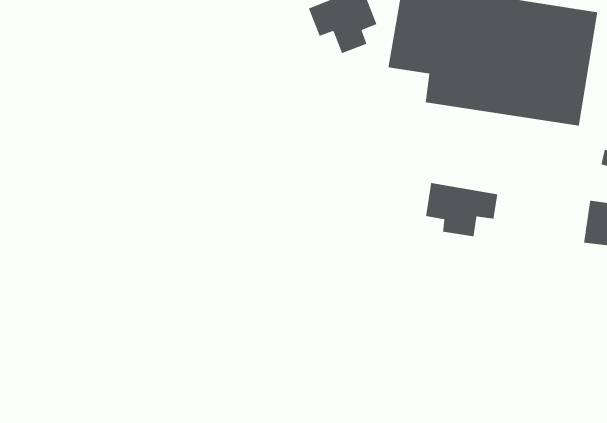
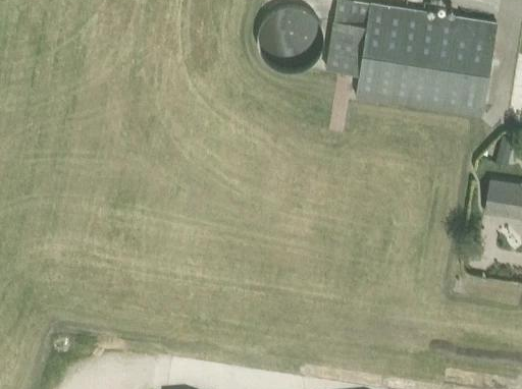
building: [425,182,498,237] -> none

